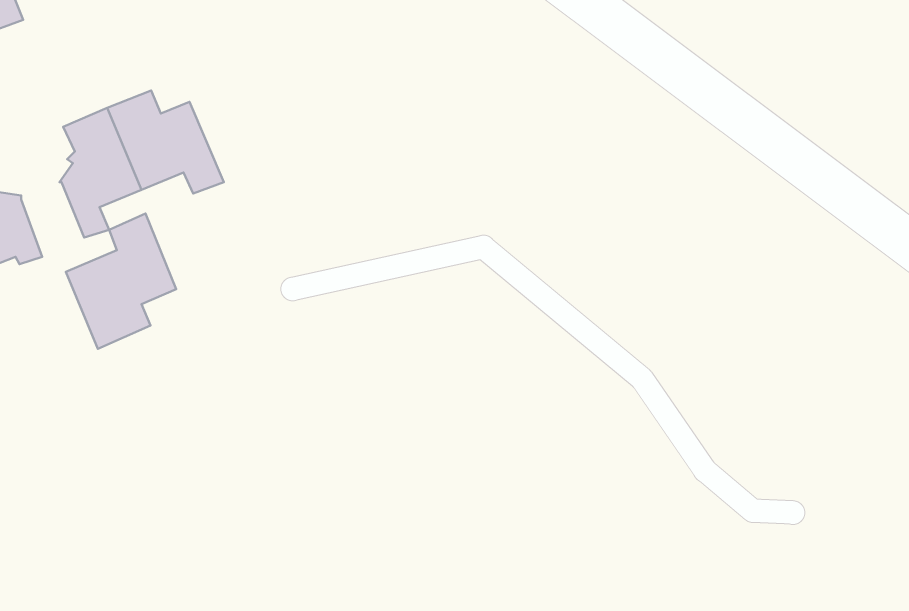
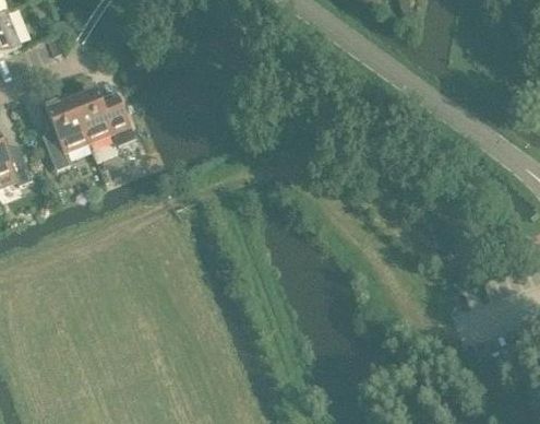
building: [66,214,176,349] -> none

